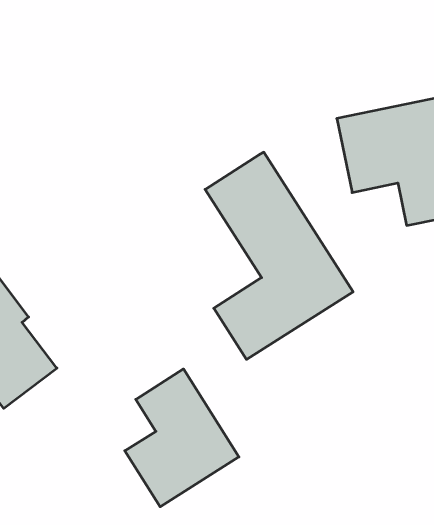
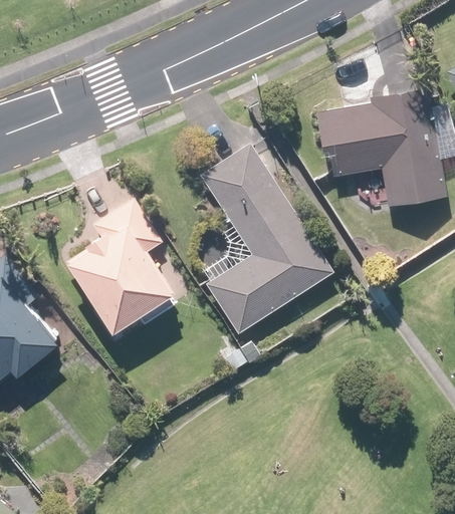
building: none -> [60,198,174,332]
building: [125,369,239,507] -> none

